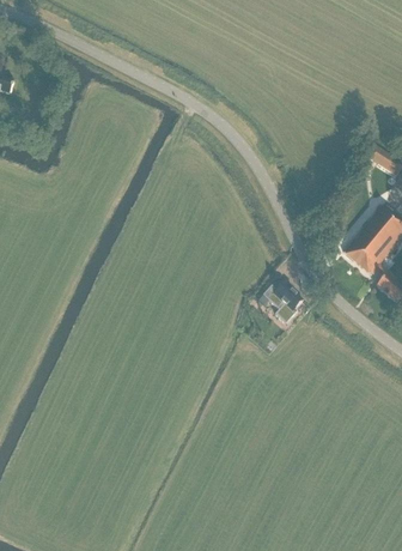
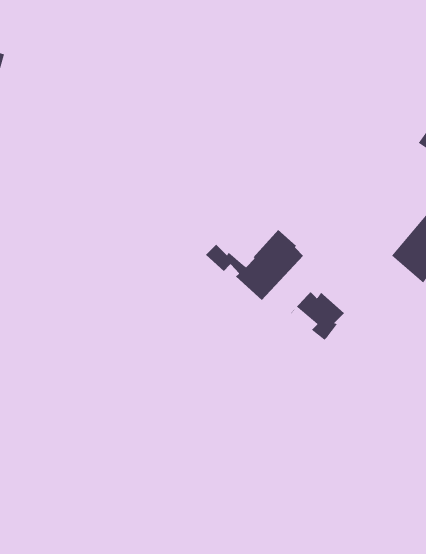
building: none -> [205,229,304,301]

